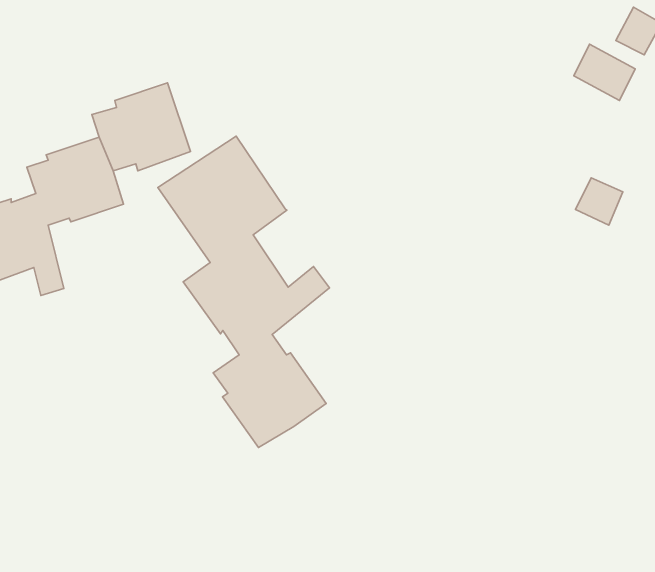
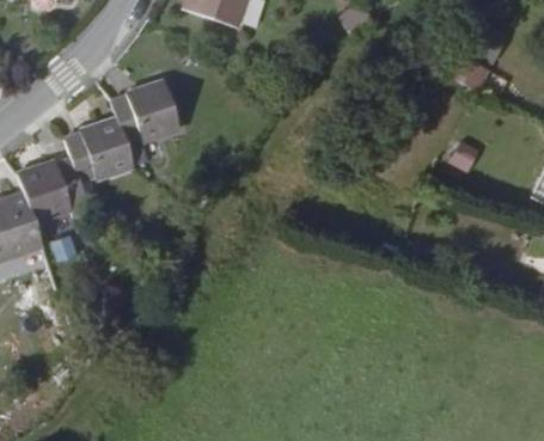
building: [158,136,330,447] -> none

